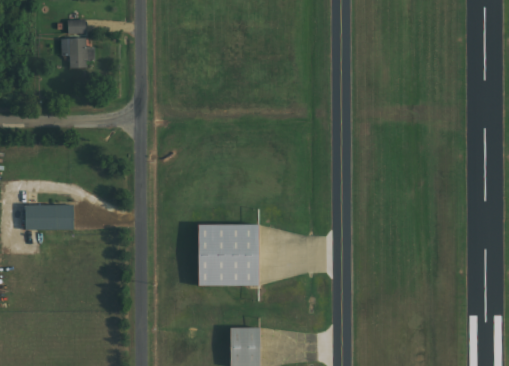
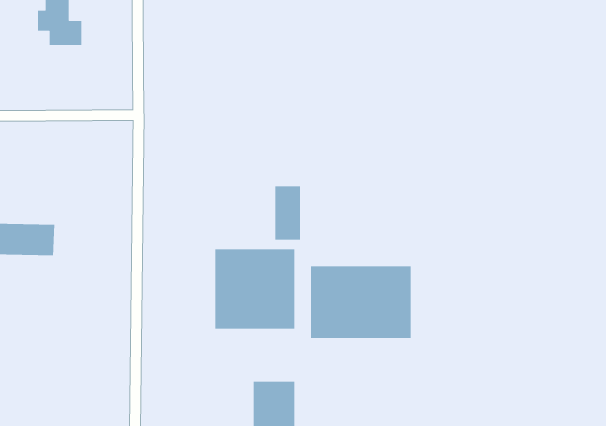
building: none -> [274,185,301,241]
building: none -> [310,265,412,339]

